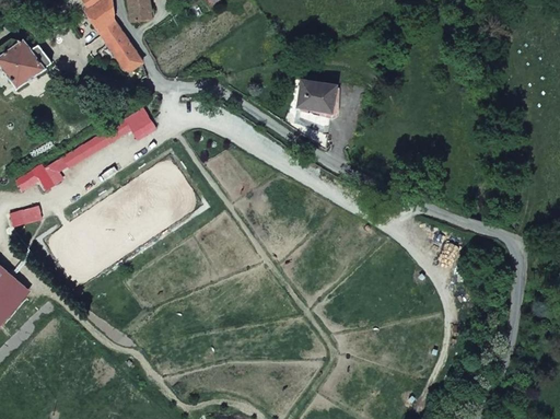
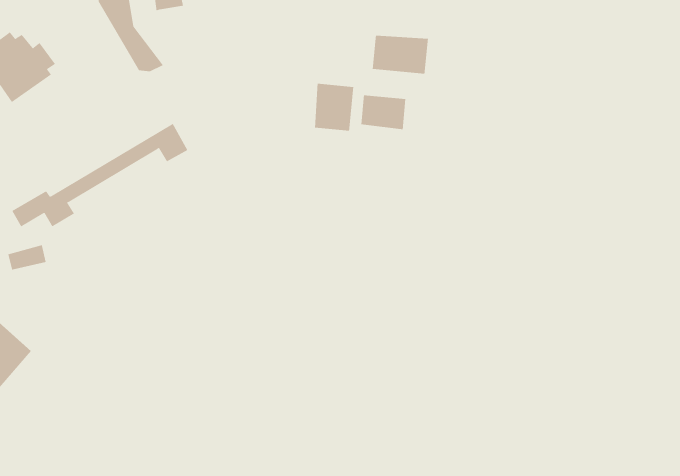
building: none -> [372,35,428,74]
building: none -> [314,83,354,132]

